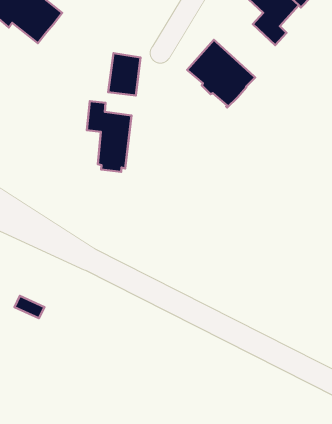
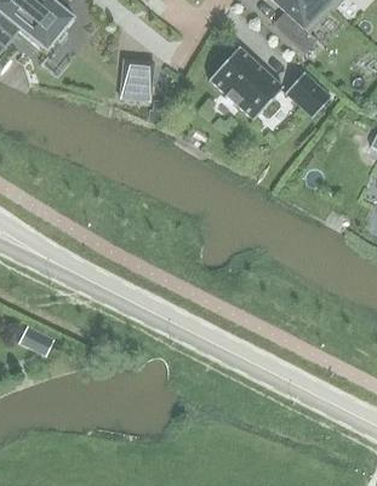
building: none -> [285,70,331,116]
building: [87,101,131,172] -> none

